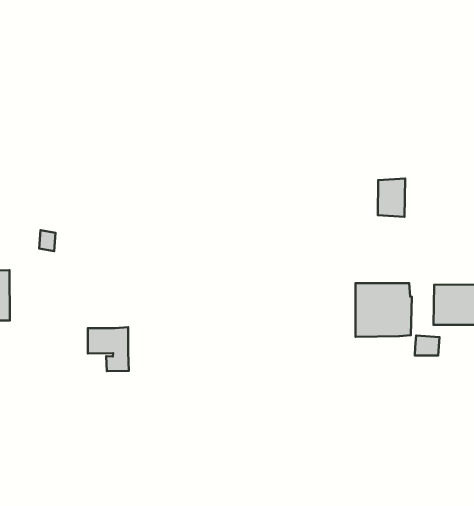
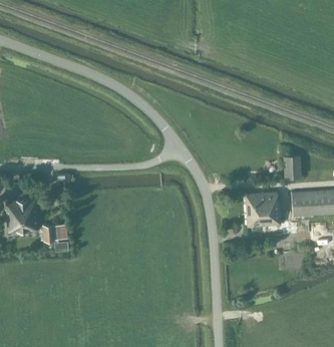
building: [378,178,405,217] -> [284,154,301,178]
building: [88,327,129,371] -> [42,224,68,251]

